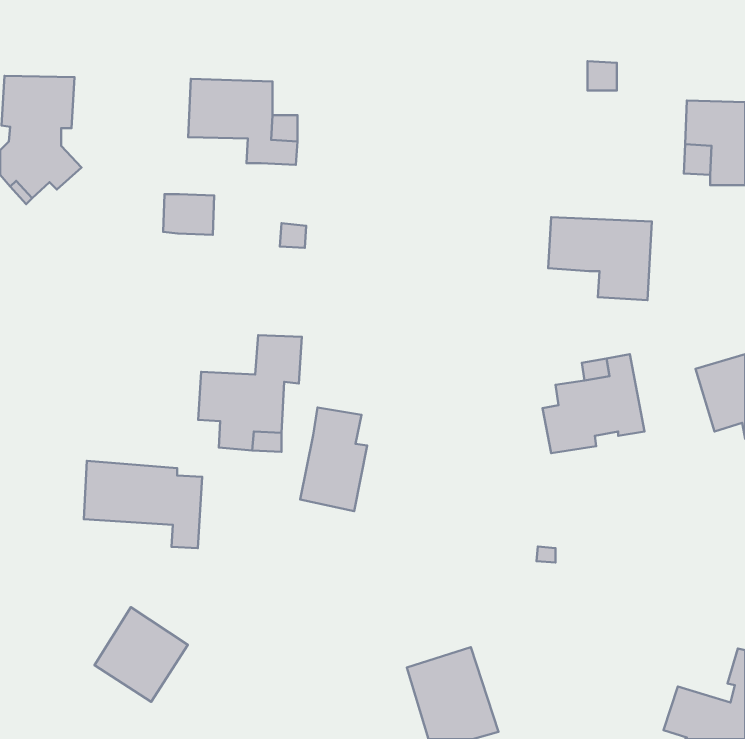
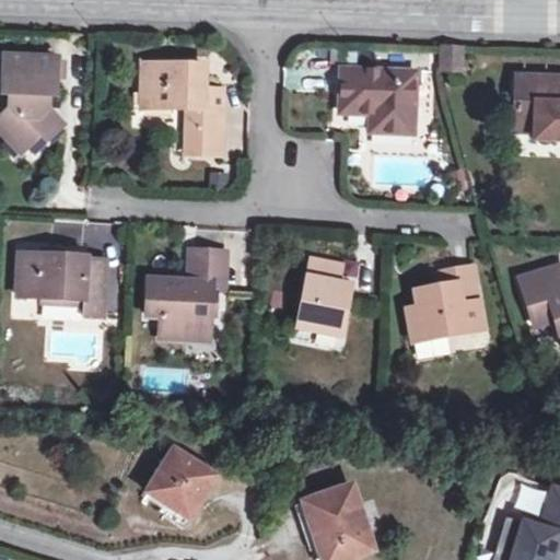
building: [163,194,214,235] -> [184,122,222,153]
building: [548,217,652,300] -> [339,67,417,129]
building: [300,408,367,511] -> [300,256,350,334]
building: [84,461,202,548] -> [16,250,105,316]
building: [94,607,188,702] -> [148,447,218,518]

